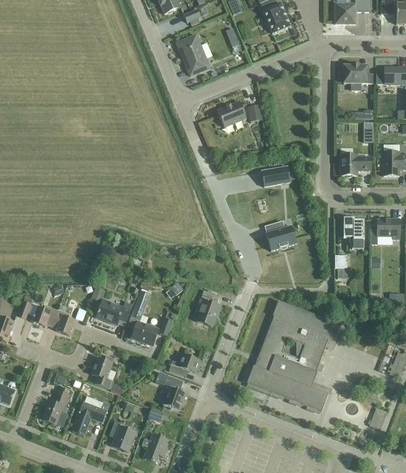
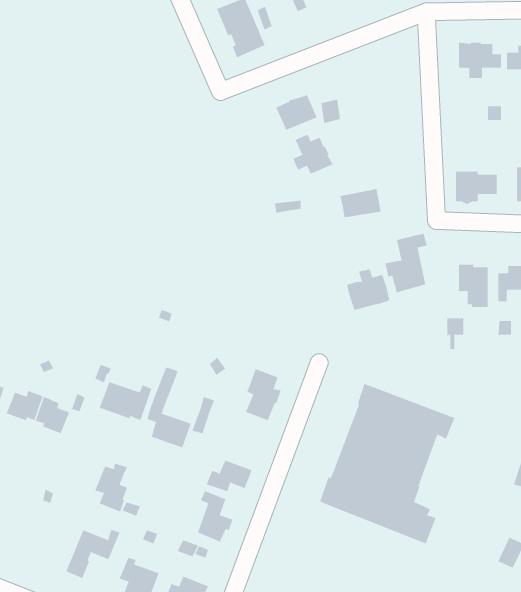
building: none -> [293,134,334,175]
building: none -> [385,233,427,293]
building: [42,386,70,424] -> none

